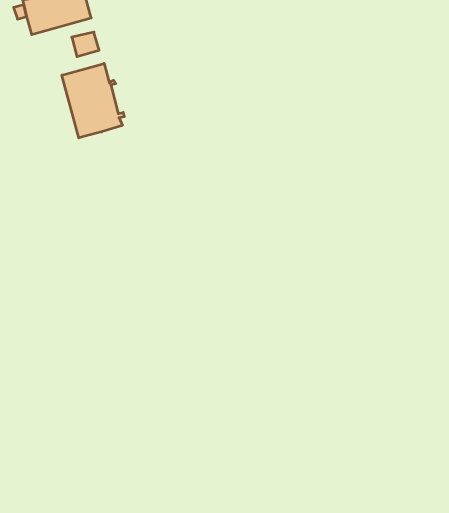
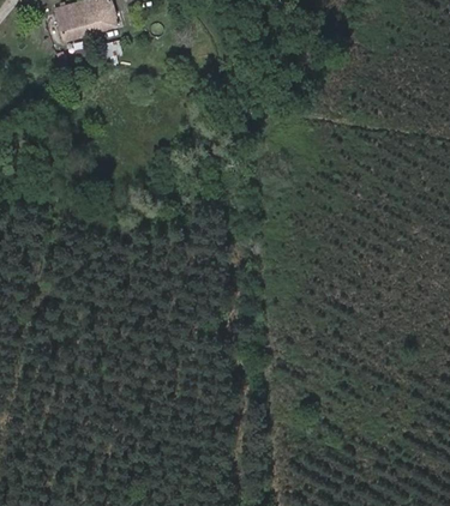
building: [62,63,124,138] -> none

